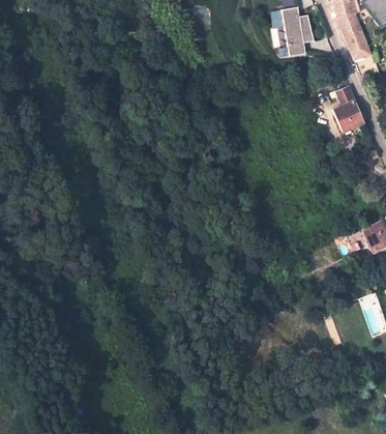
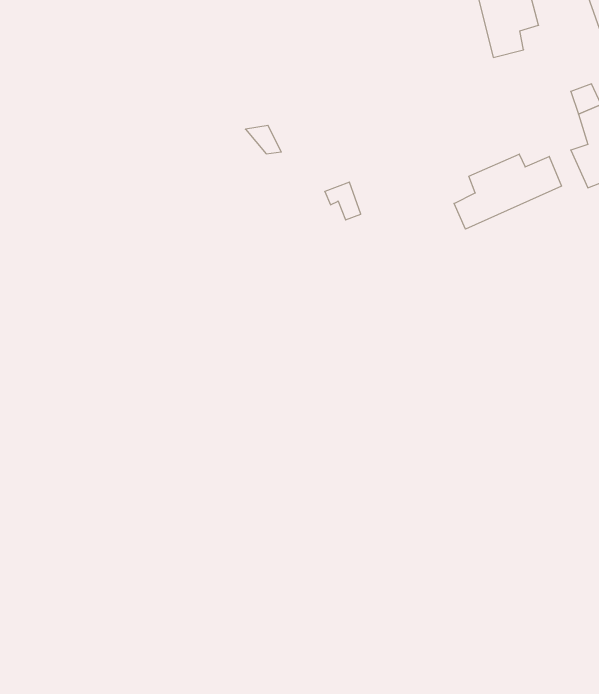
building: none -> [454,154,561,229]

